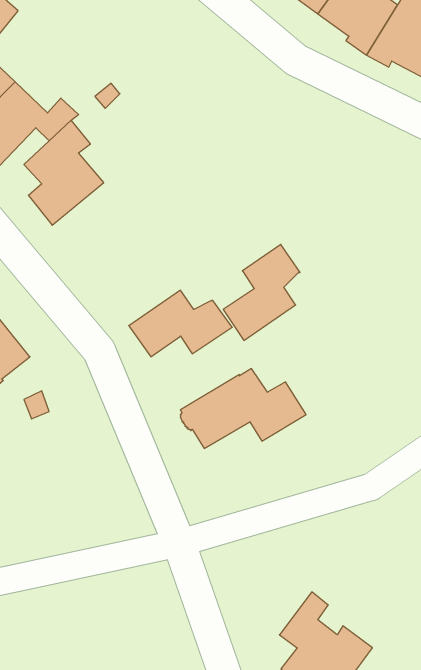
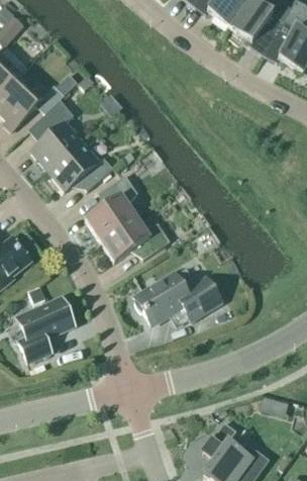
building: none -> [47,142,114,192]
building: [223,244,300,340] -> [86,175,138,240]
building: none -> [18,298,75,363]

